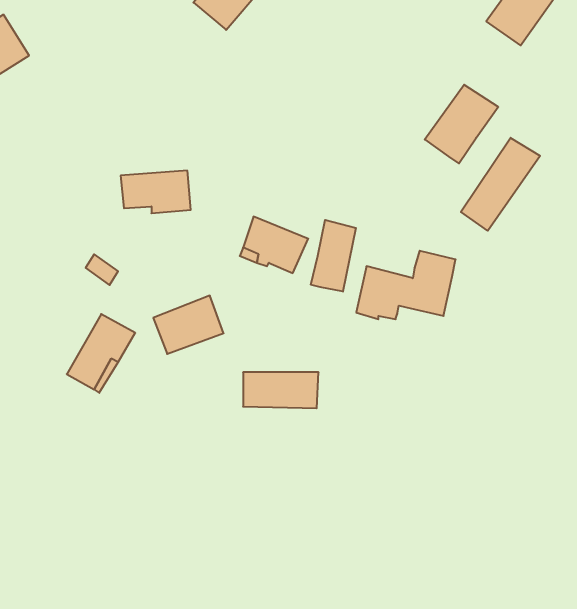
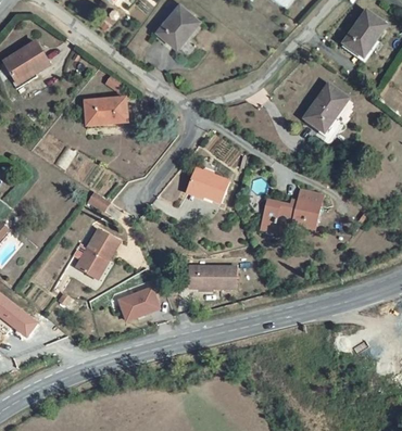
building: [461,138,540,231] -> none
building: [121,171,191,213] -> [83,98,127,125]
building: [311,220,356,292] -> none
building: [153,296,224,354] -> [114,284,159,321]

